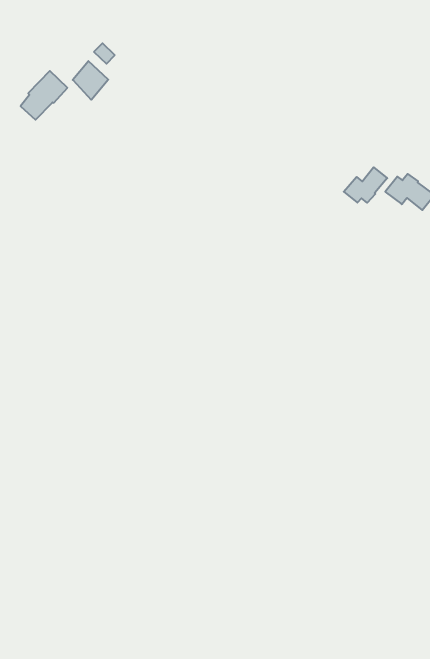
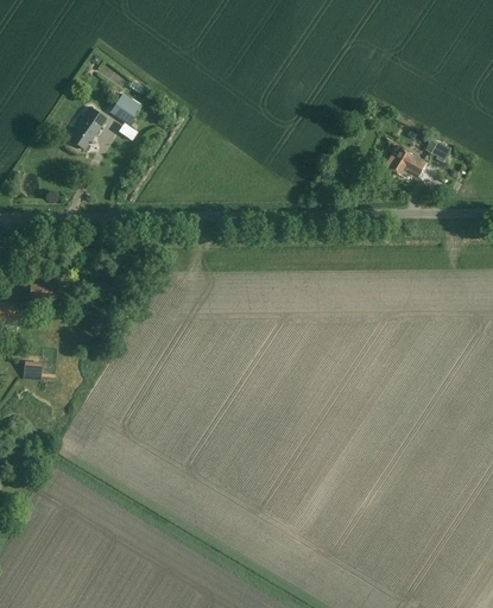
building: [344,167,387,203] -> none

